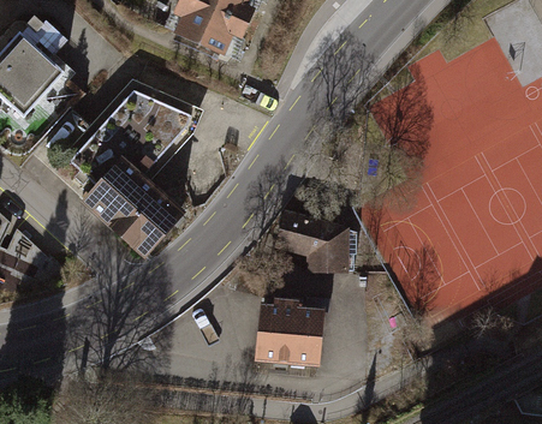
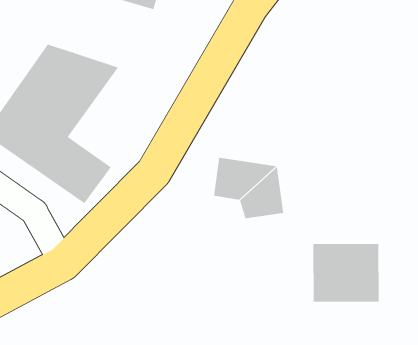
building: [250,305,322,371] -> [312,243,380,303]

